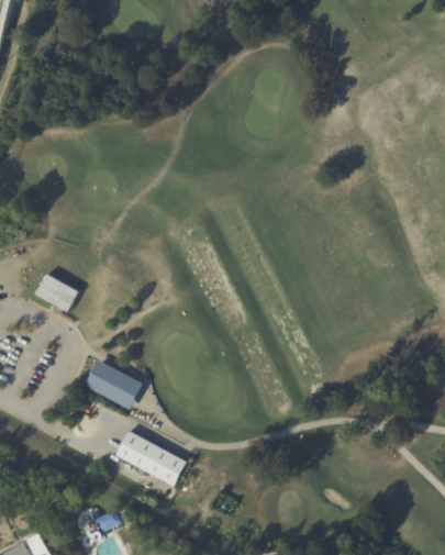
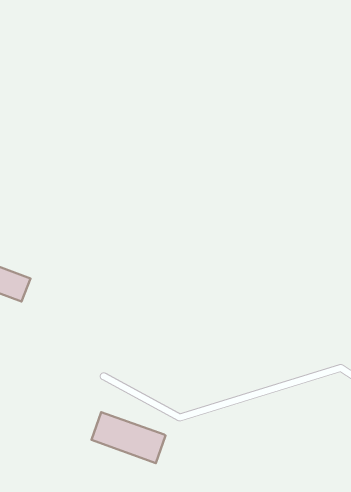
building: [84,358,143,409] -> none

